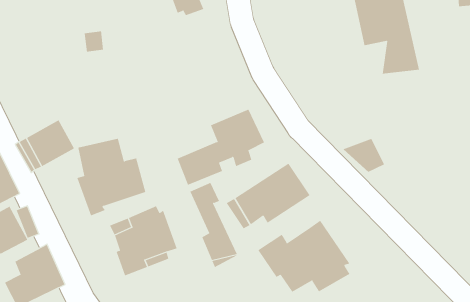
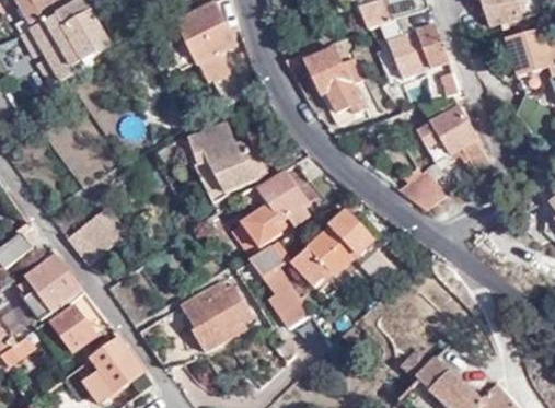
building: none -> [303,51,360,115]
building: none -> [428,106,485,170]
building: [77,138,146,216] -> [189,120,266,203]
building: [257,220,350,292] -> none

